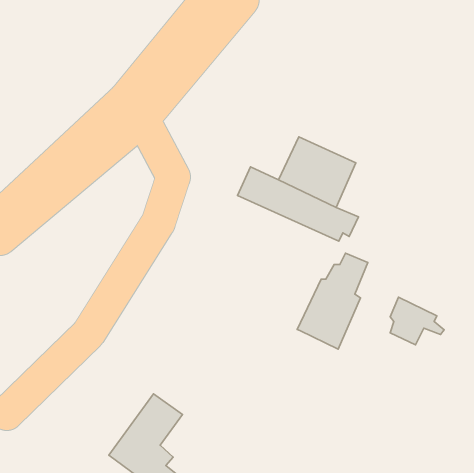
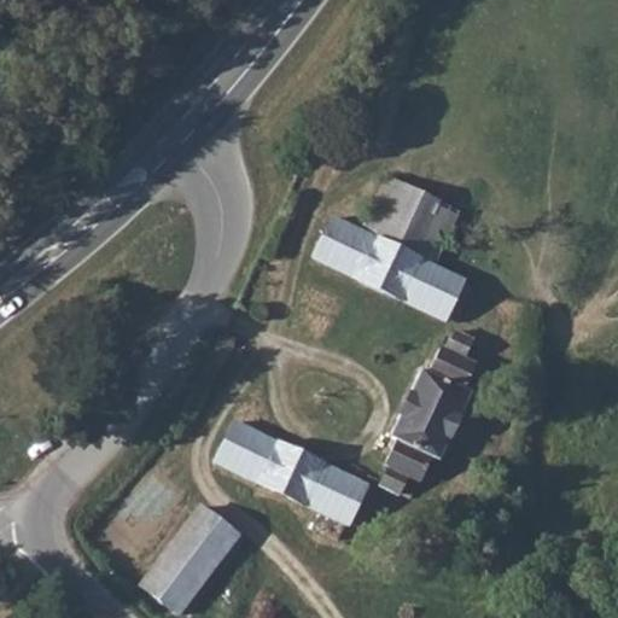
building: [390,297,444,345] -> [380,432,450,494]
building: none -> [220,422,371,531]

